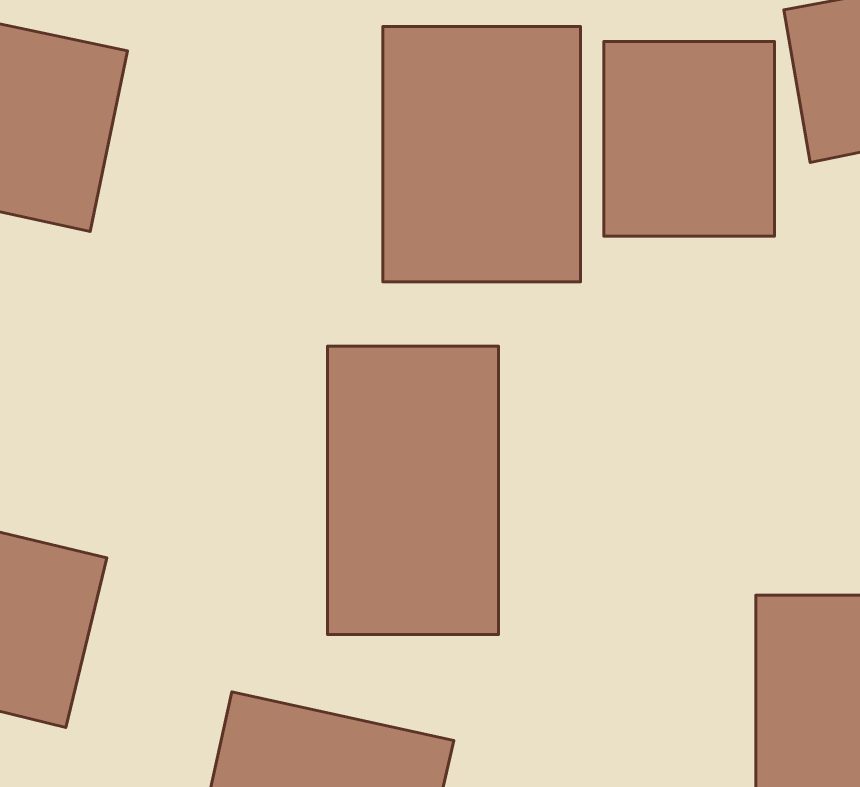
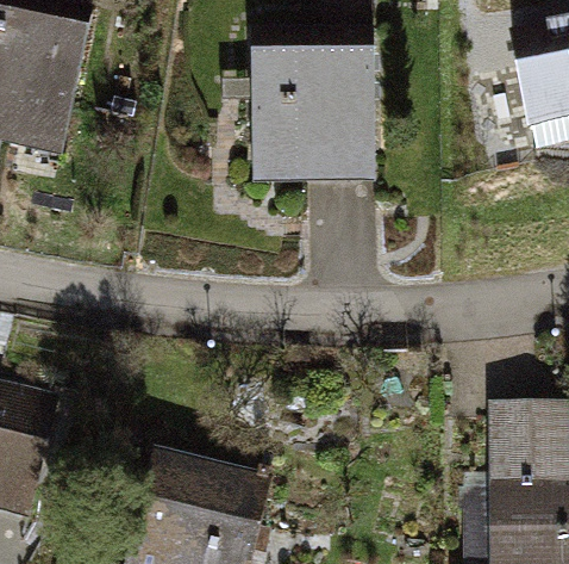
building: [604,41,774,236] -> none
building: [327,346,498,635] -> none

